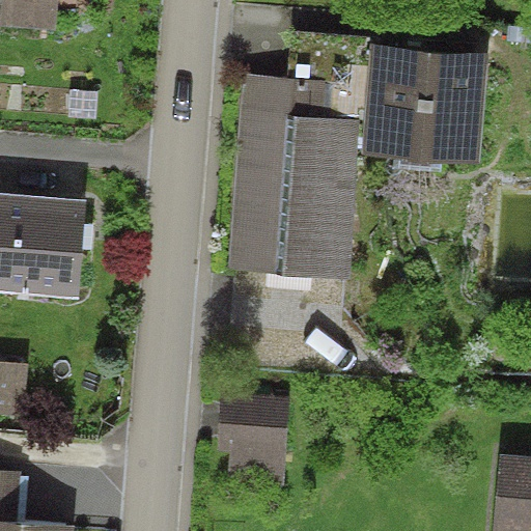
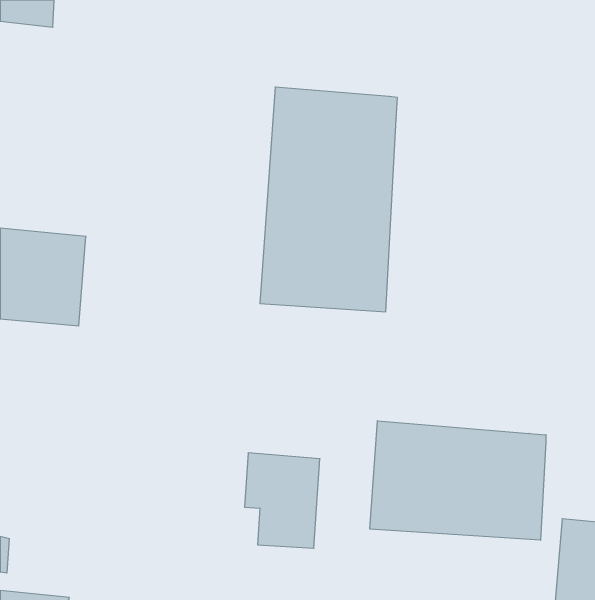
building: [348,50,478,155] -> none
building: none -> [370,421,546,540]

